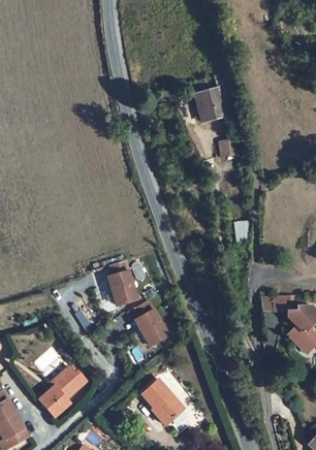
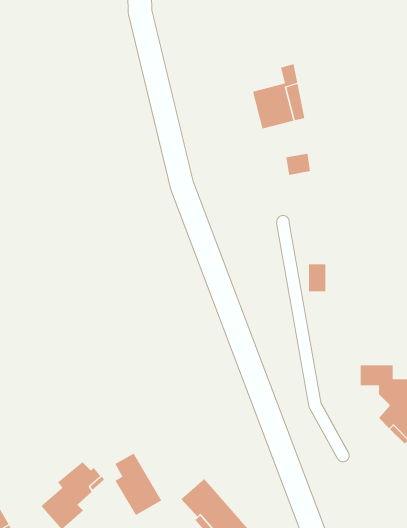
building: [107,260,137,306] -> none
building: [134,299,169,346] -> [114,453,162,516]

